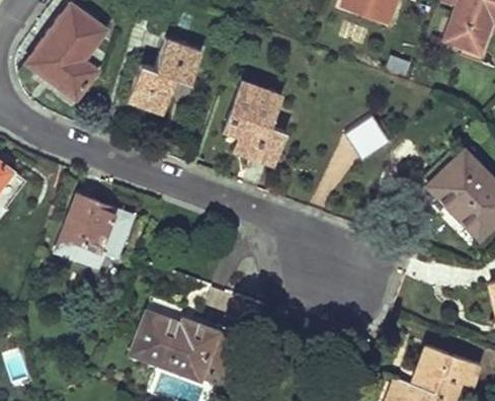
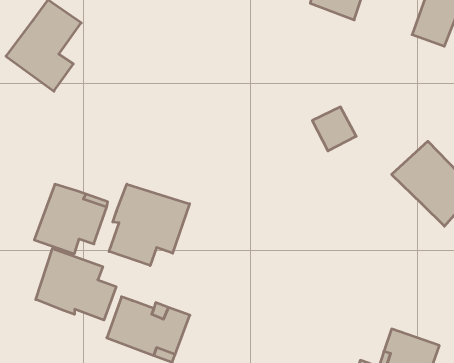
building: [129,39,202,113] -> none
building: [225,82,283,163] -> none
building: none -> [109,184,190,266]
building: none -> [36,248,116,320]

